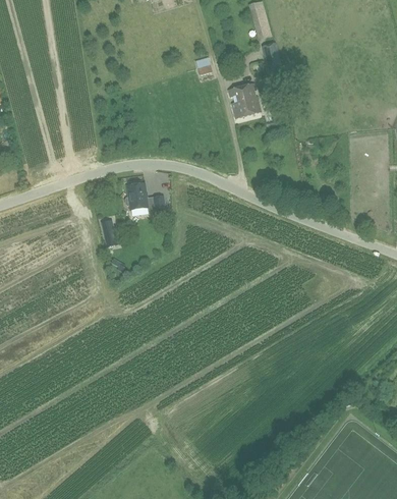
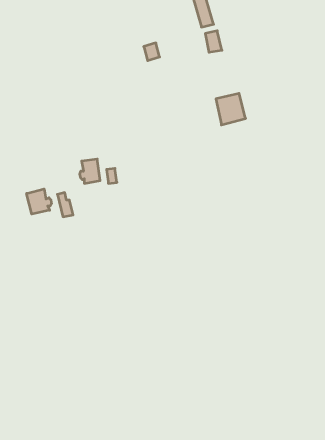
building: [229,84,262,118] -> [216,93,246,125]
building: none -> [27,189,51,214]

